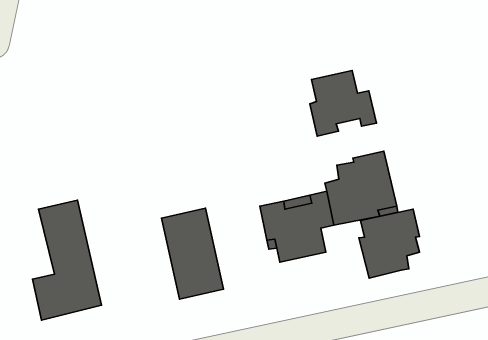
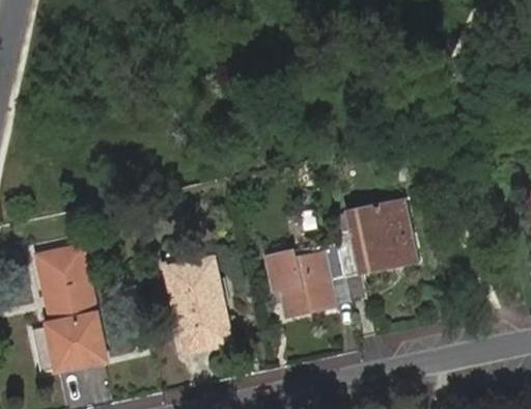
building: [310,71,377,136] -> none
building: [359,209,420,278] -> none

